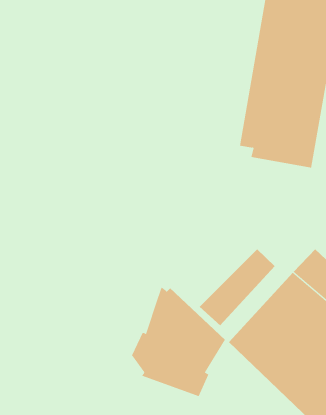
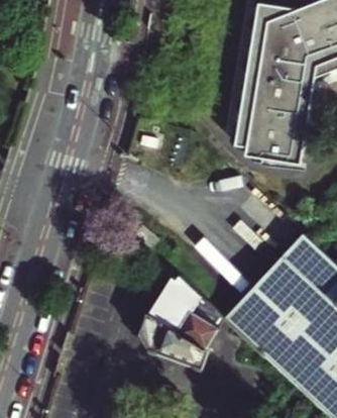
building: [199,249,275,326] -> none

